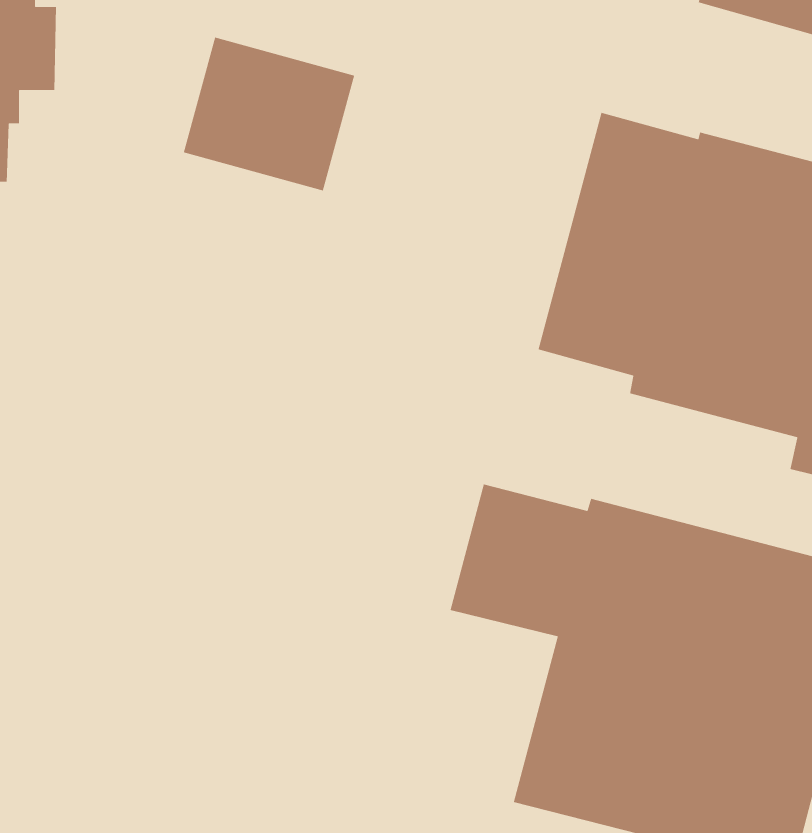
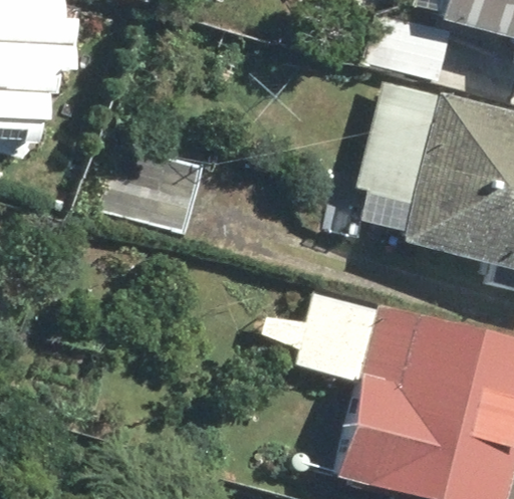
building: [183,37,355,192] -> [105,145,204,233]

